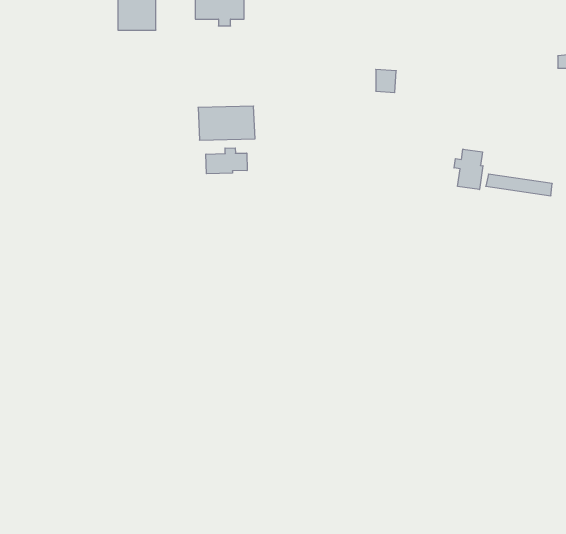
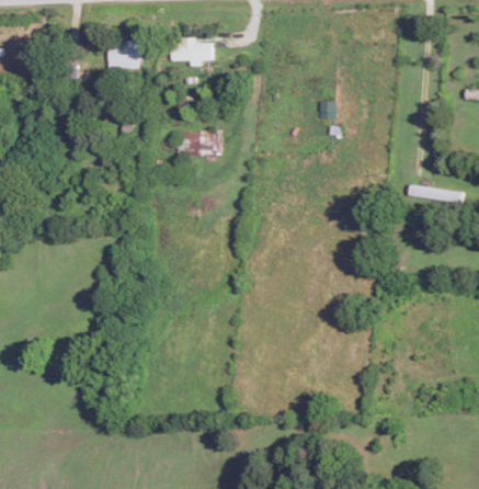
building: [206,148,247,174] -> none
building: [454,149,483,190] -> none

